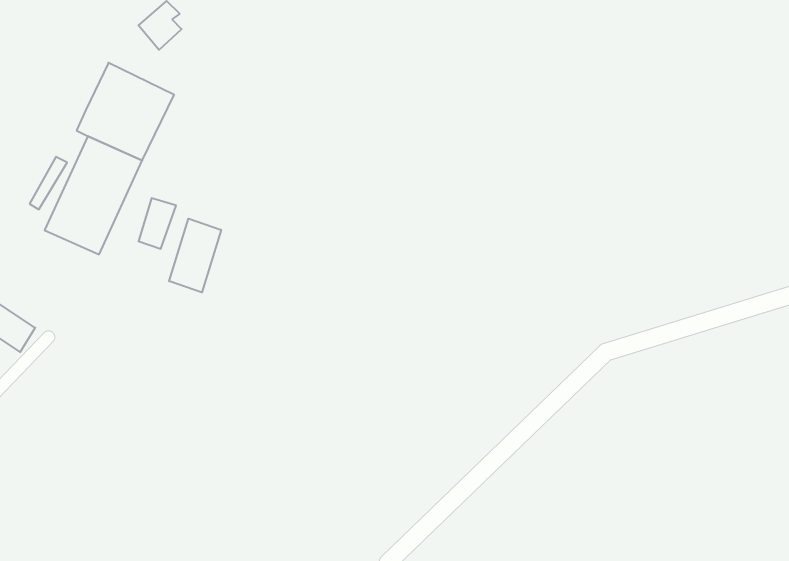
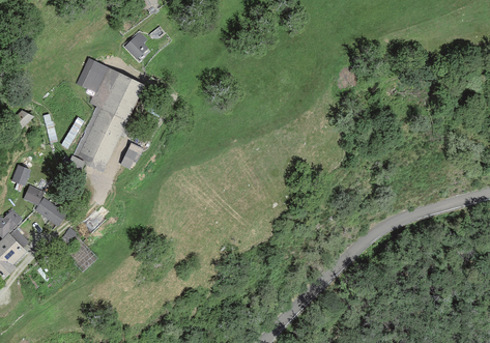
building: none -> [76,58,108,92]
building: [169,219,221,292] -> none

